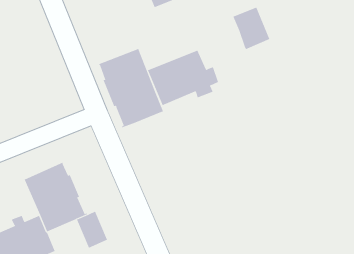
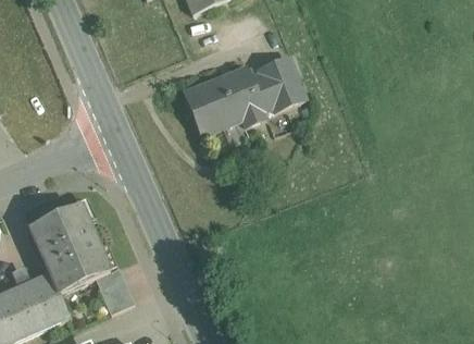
building: [232,7,270,50] -> [259,58,305,111]
building: [98,48,164,128] -> none

